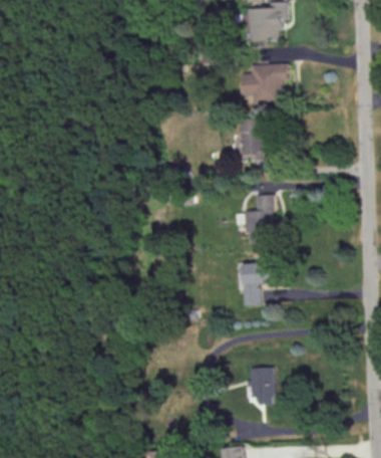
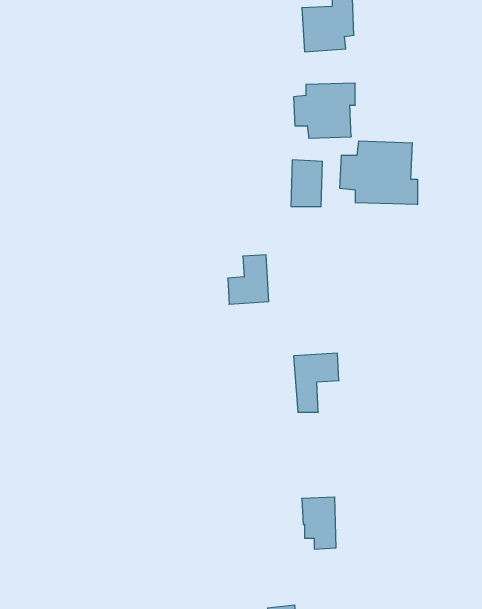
building: none -> [340,141,417,205]
building: [244,194,274,230] -> [228,255,269,304]

